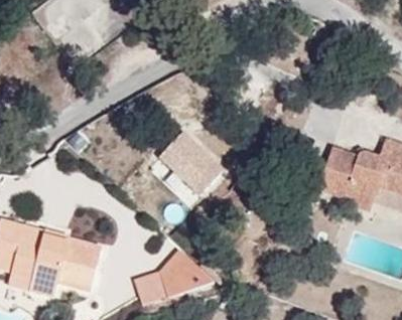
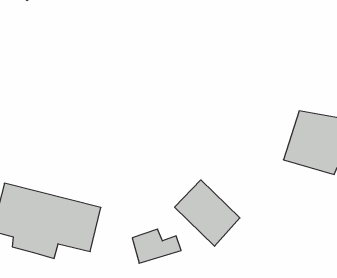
building: [152,129,220,197] -> [175,180,240,246]

